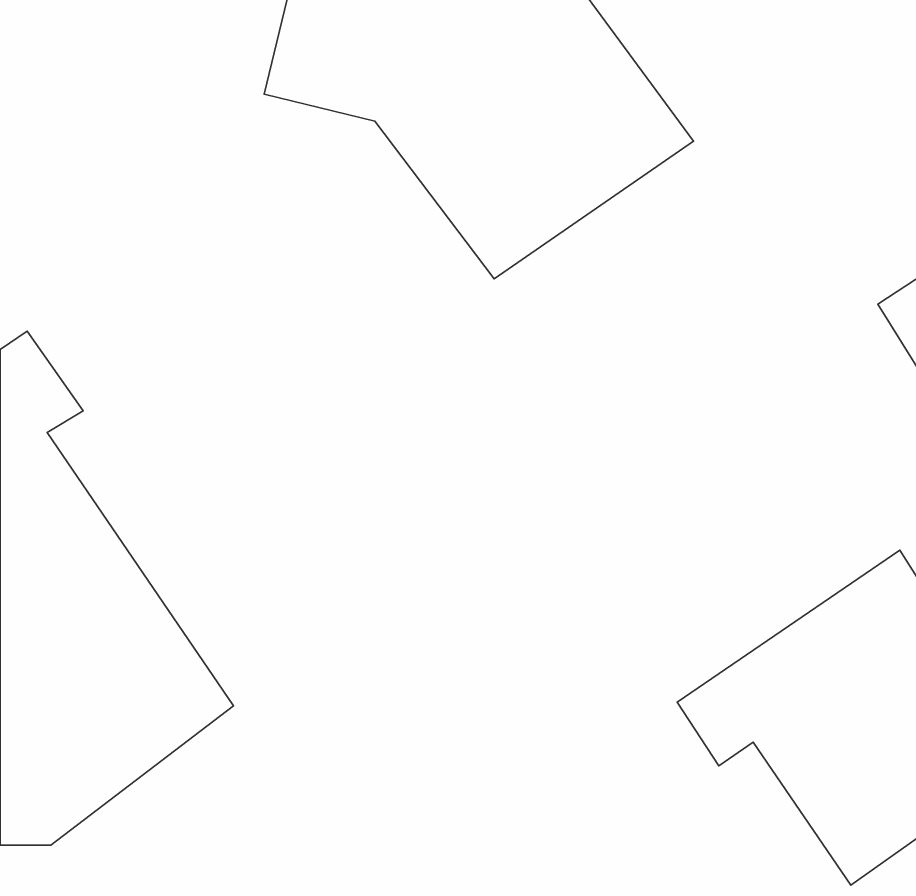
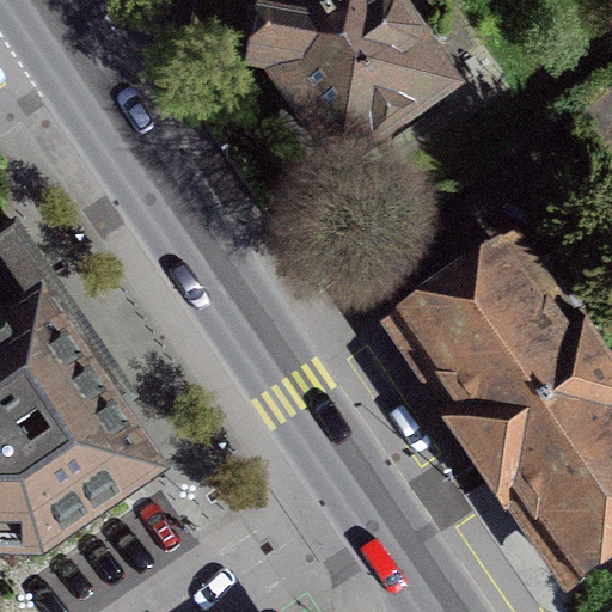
building: none -> [386,234,600,464]

